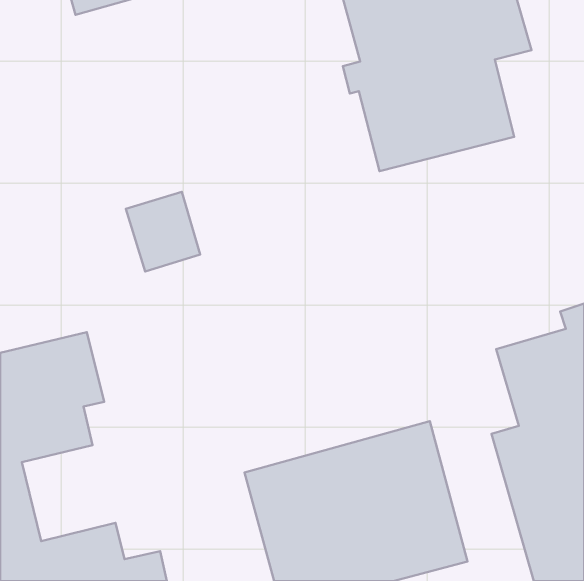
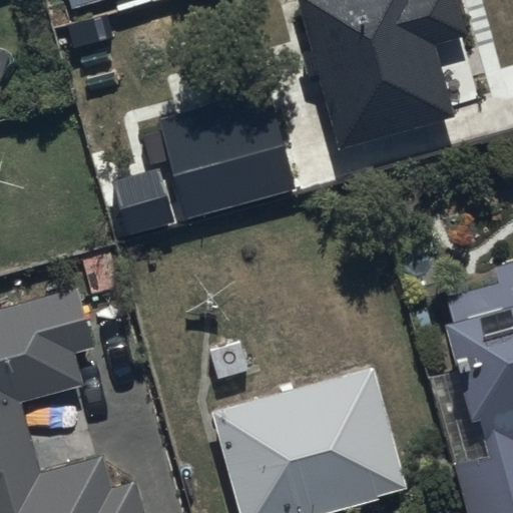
building: none -> [160,87,297,215]

